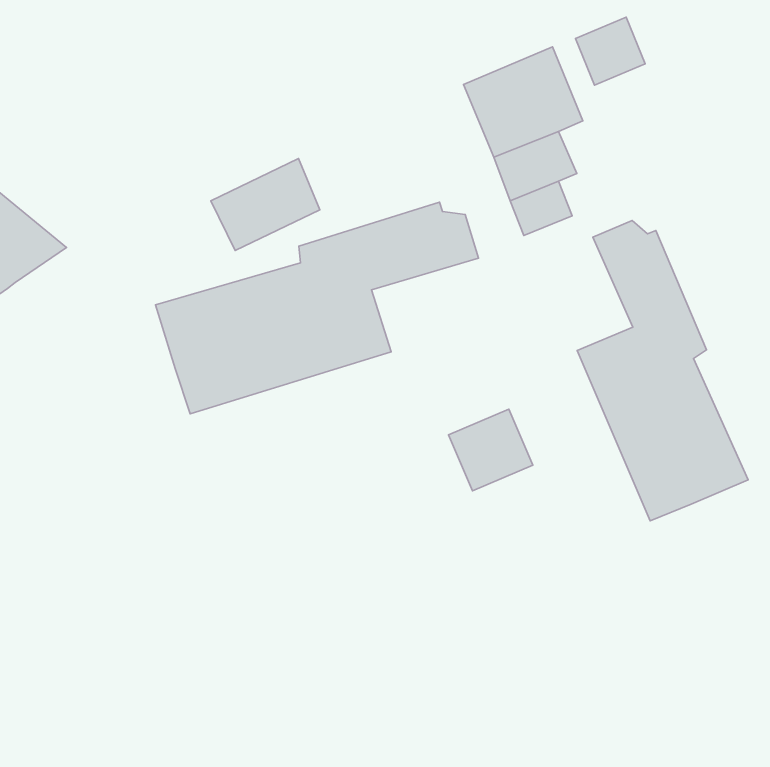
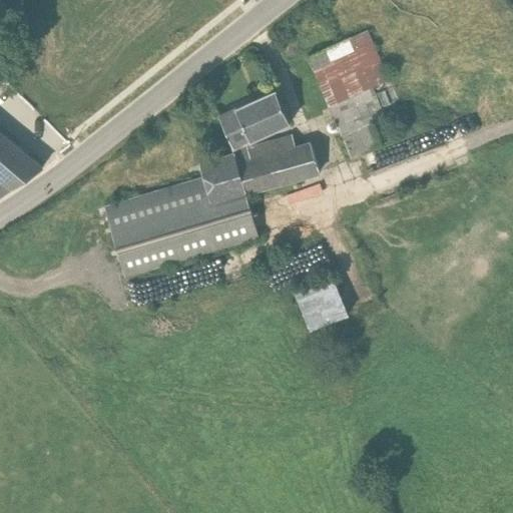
building: [576,17,645,85] -> none
building: [211,158,320,251] -> [217,90,290,151]
building: [577,220,748,521] -> none

